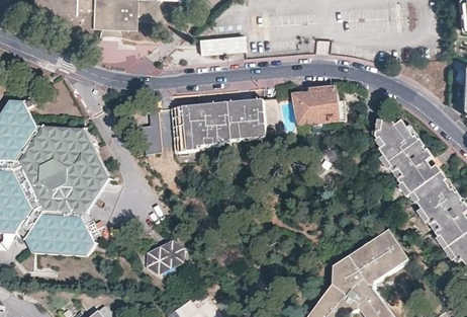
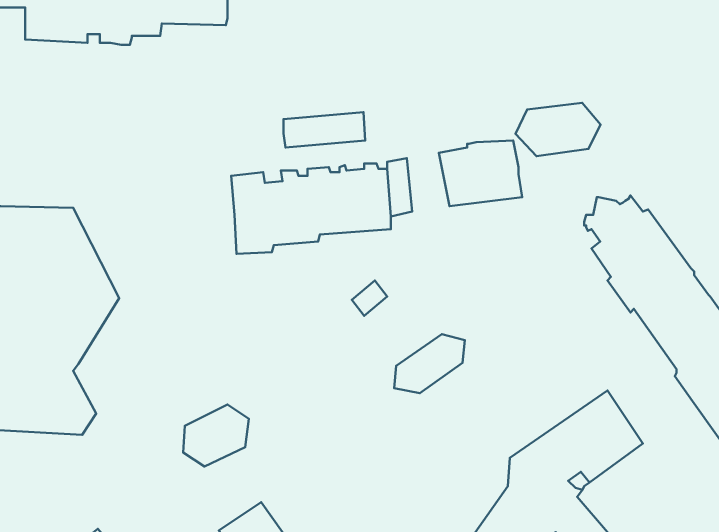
building: [198,34,245,55] -> [284,112,365,148]
building: none -> [515,103,601,156]
building: [141,113,161,155] -> none
building: none -> [394,334,465,393]

